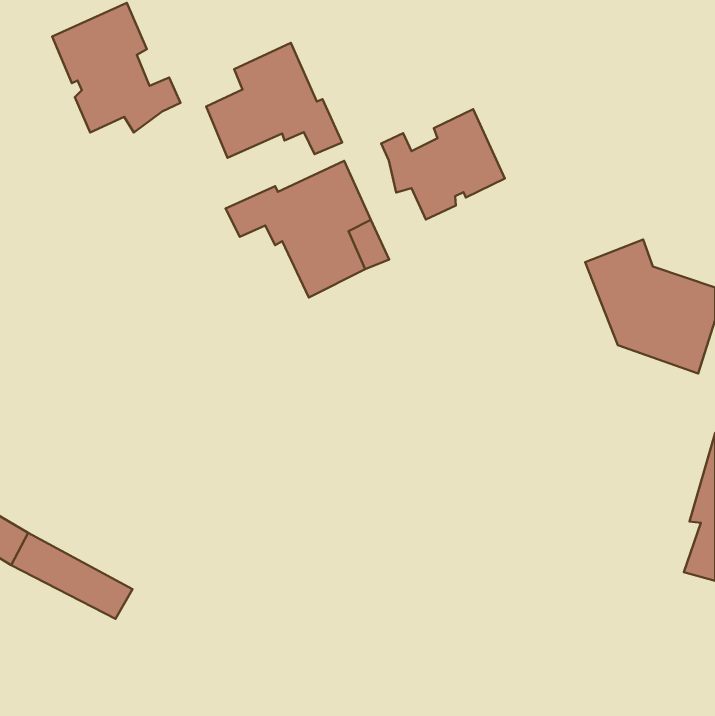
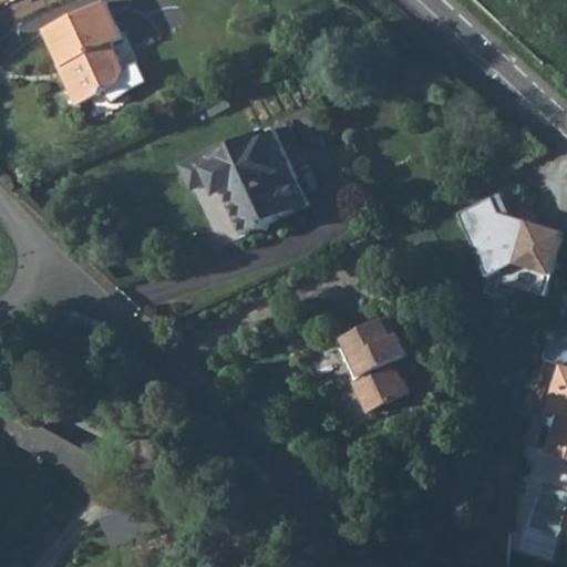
building: [206,43,342,158] -> none
building: [381,109,505,220] -> none
building: none -> [338,319,404,412]

